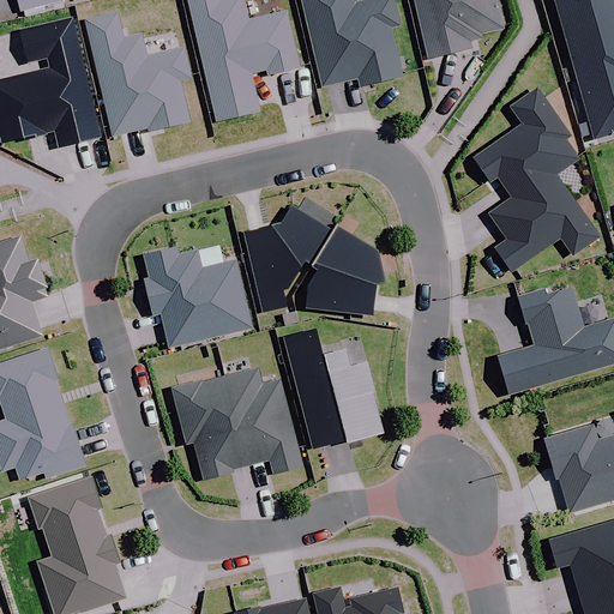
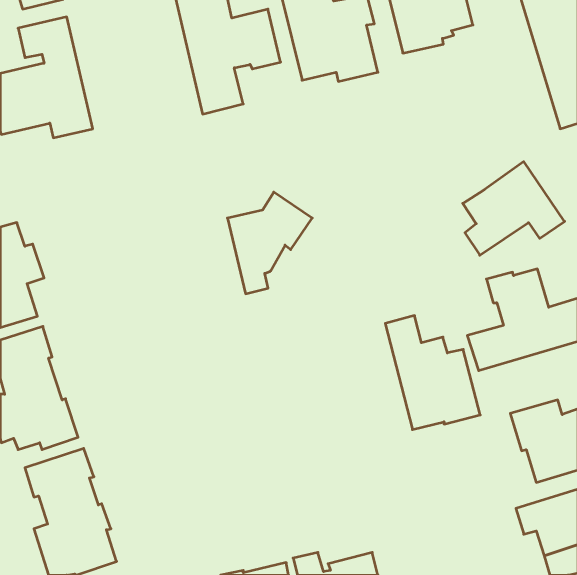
building: [84,11,191,134] -> none
building: [471,86,583,201] -> none
building: [306,224,383,314] -> none
building: [143,246,252,348] -> none
building: [283,327,384,449] -> [385,316,480,430]
building: [171,368,301,480] -> none

